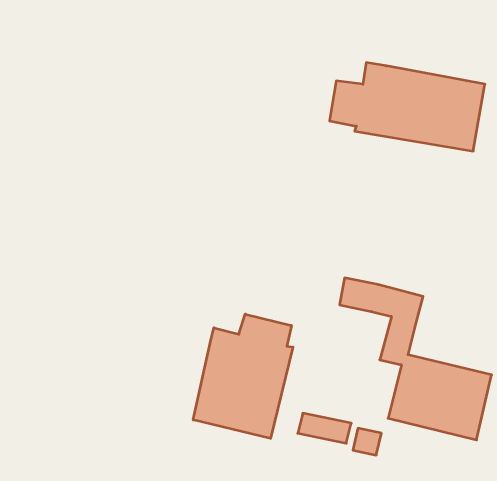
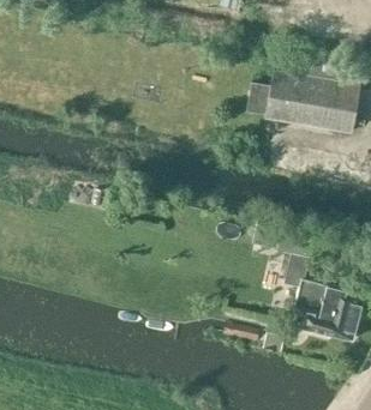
building: [193,314,293,438] -> none

